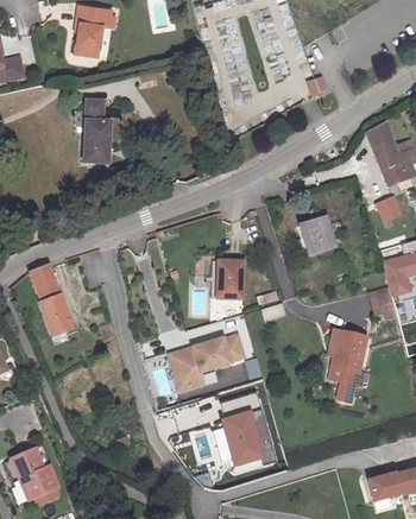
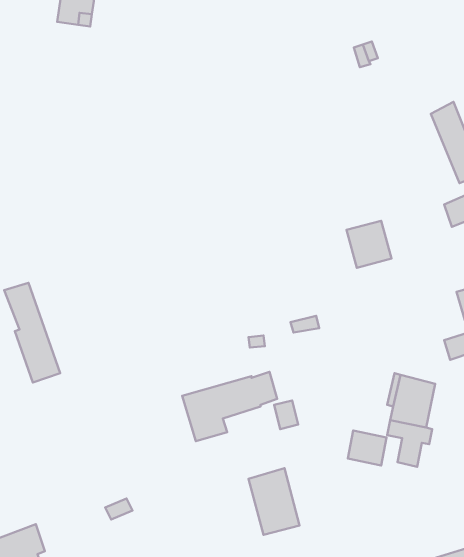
building: [83,106,107,169] -> none
building: [218,261,245,299] -> none
building: none -> [348,431,386,465]

